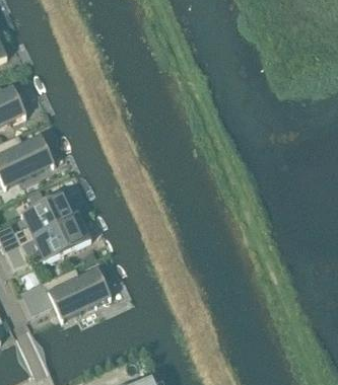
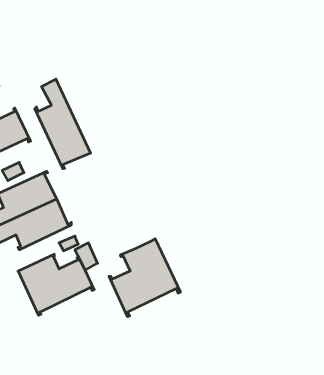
building: none -> [35,79,91,169]
building: none -> [109,239,180,317]

